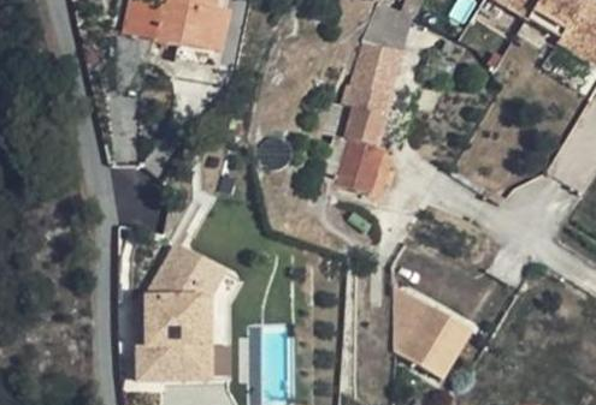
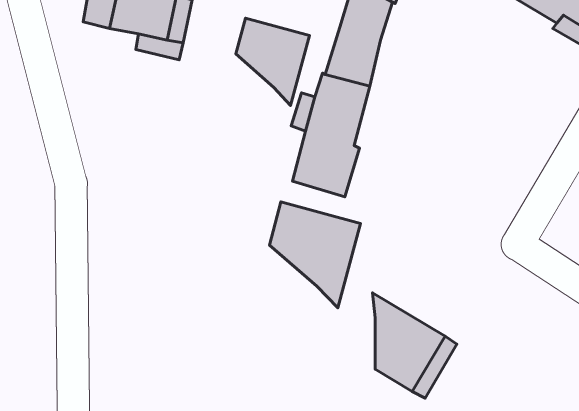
building: none -> [236,18,309,105]
building: none -> [269,202,360,308]
building: [137,240,231,380] -> none

